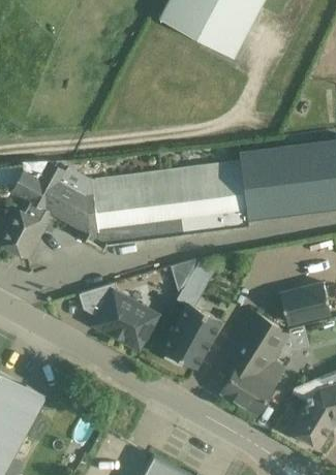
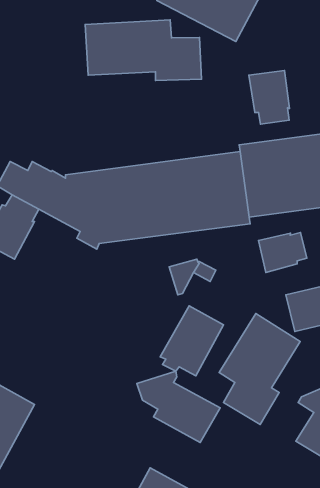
building: none -> [85,20,201,81]
building: none -> [249,70,289,124]
building: none -> [258,233,307,272]
building: [81,281,158,347] -> [137,371,220,442]

